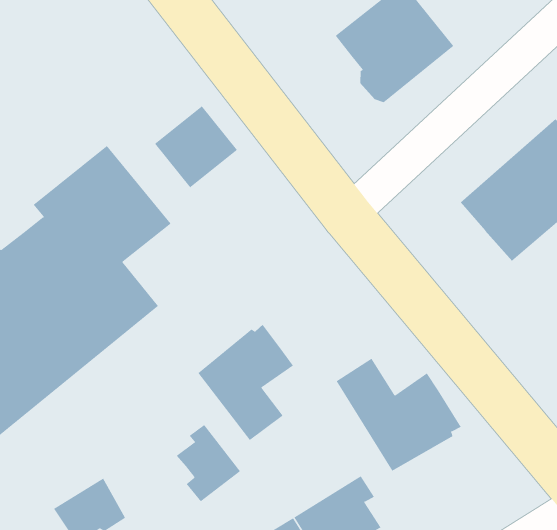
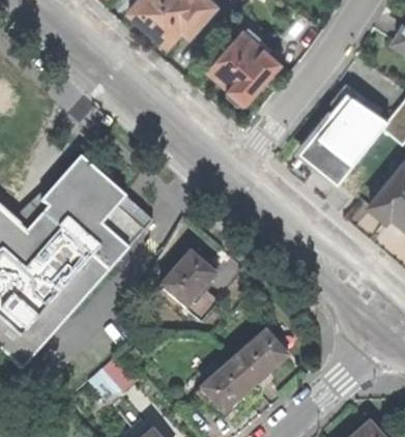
building: [154,106,238,188] -> [104,197,154,247]
building: [336,358,462,472] -> none
building: [176,424,241,502] -> none

